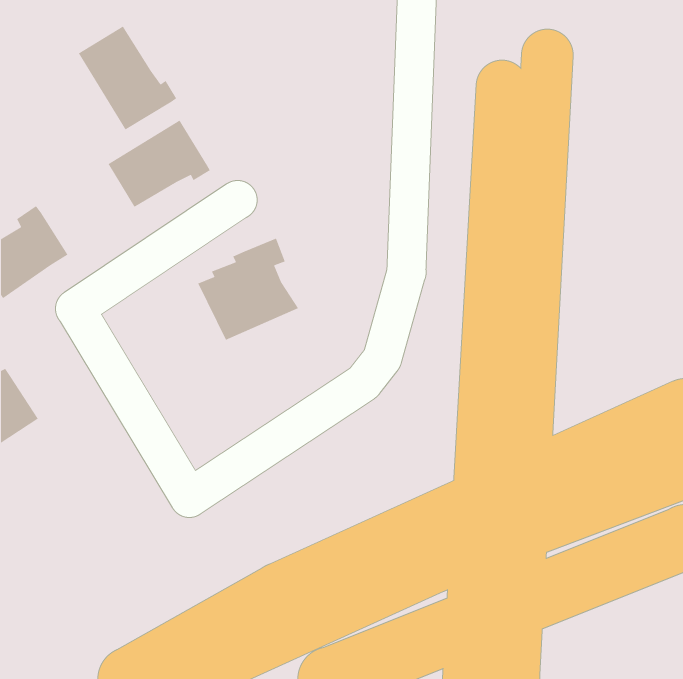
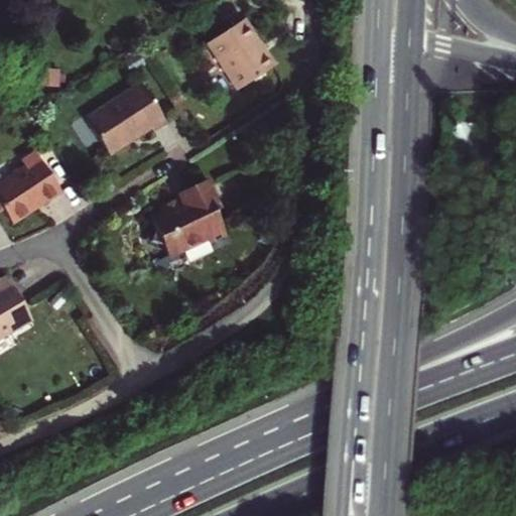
building: [78,25,177,131] -> none
building: none -> [213,21,272,83]

